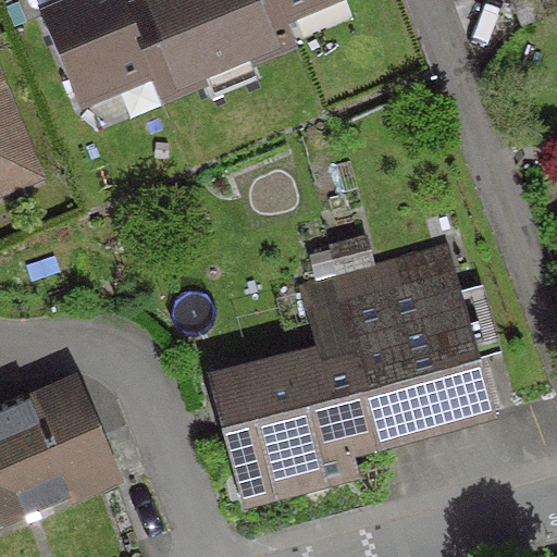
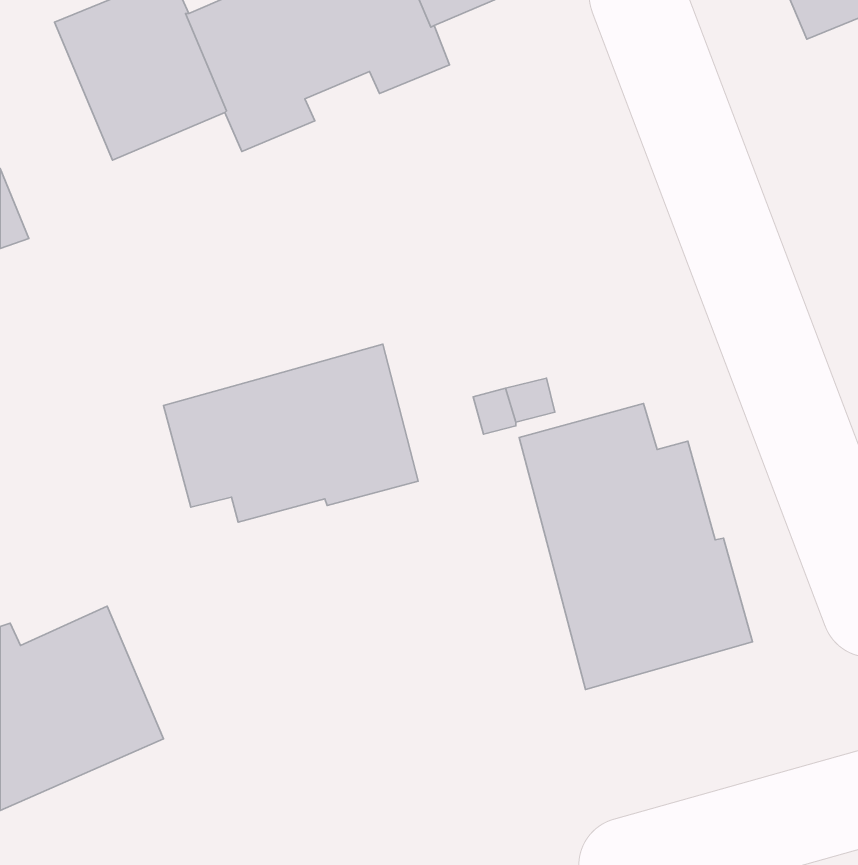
building: none -> [163,344,418,522]
building: [222,354,382,499] -> none

